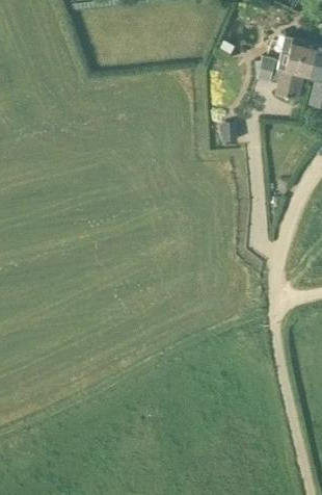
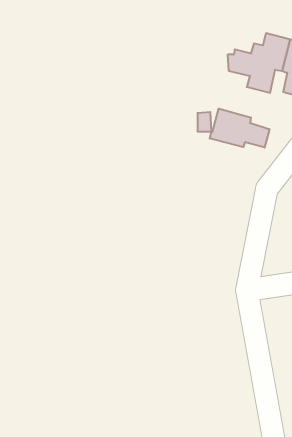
building: none -> [210,109,269,148]

